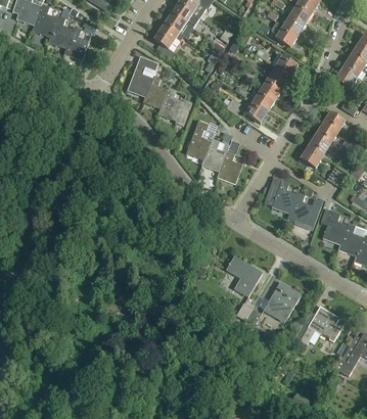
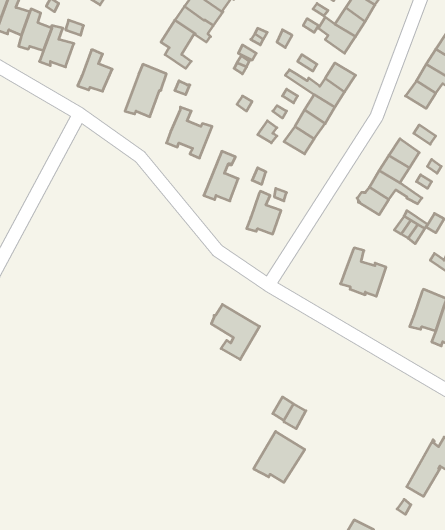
building: [142,76,168,106] -> [78,50,112,91]
building: [201,139,226,170] -> none
building: [264,180,295,211] -> none
building: [320,208,347,242] -> none
building: [226,255,262,296] -> [211,304,260,360]
building: [263,282,301,320] -> [254,431,305,482]
building: [293,307,340,345] -> none

